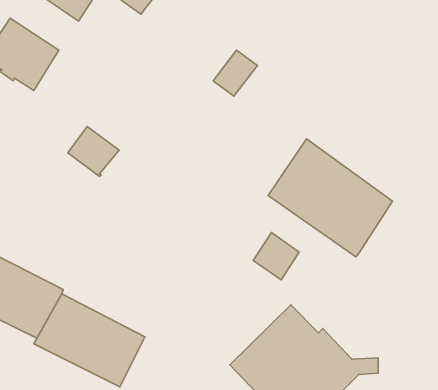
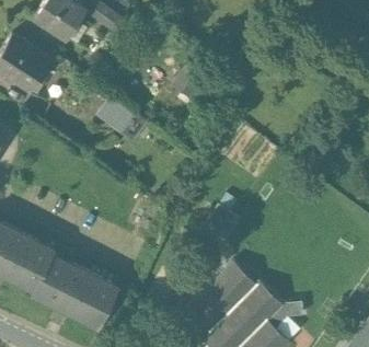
building: [68,127,119,177] -> [96,96,137,136]
building: [268,139,393,257] -> none

